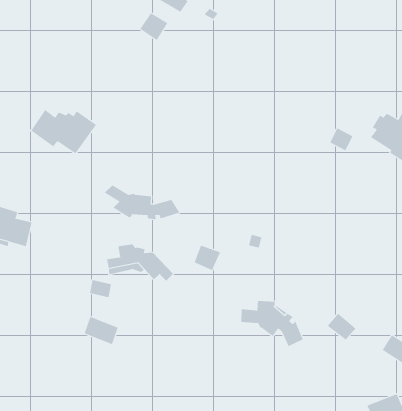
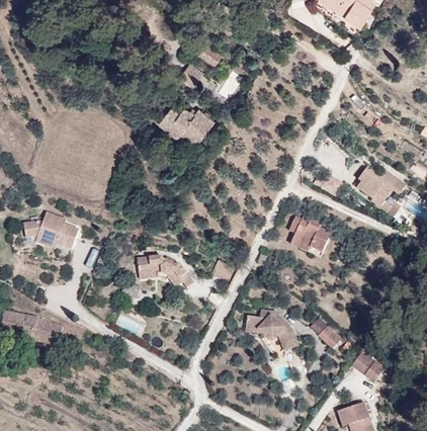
building: [30,109,97,154] -> [157,106,212,146]
building: [104,185,180,220] -> none
building: none -> [287,216,329,253]

